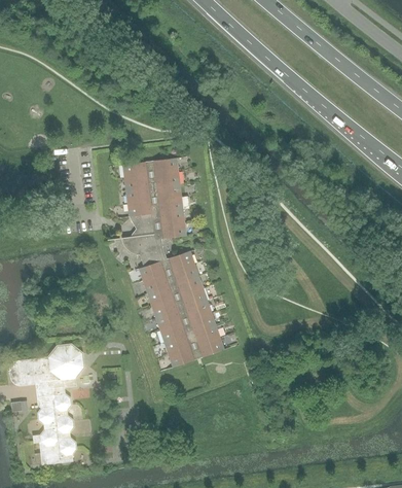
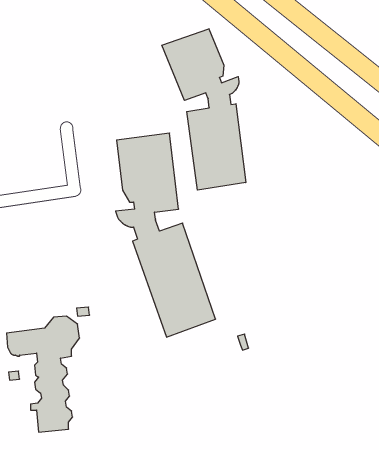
building: none -> [162,29,246,190]

